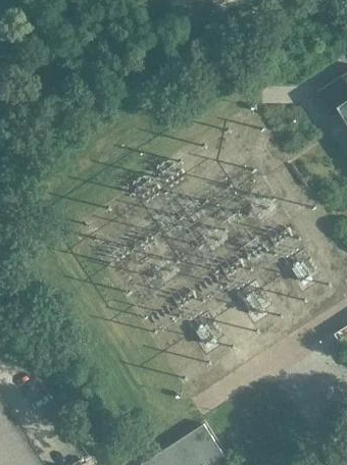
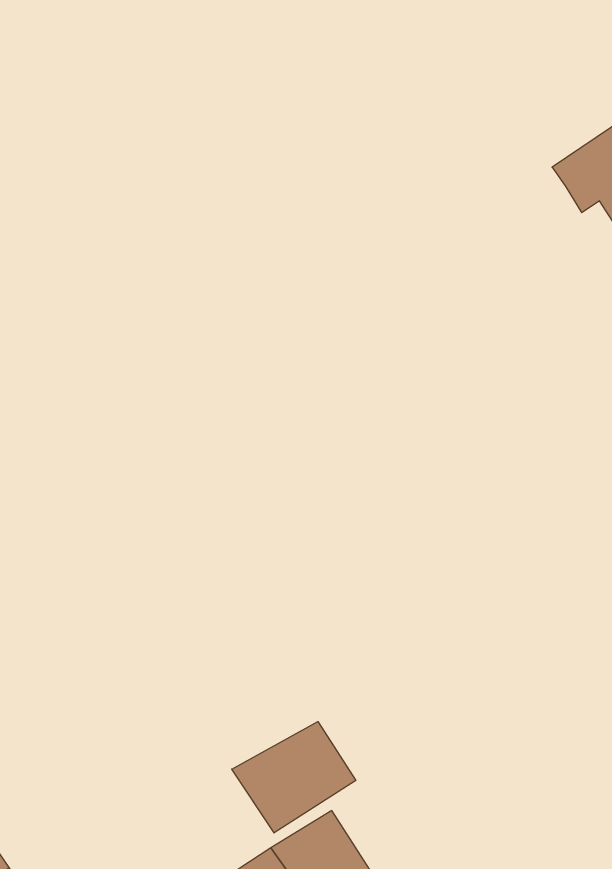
building: none -> [232,722,356,833]

